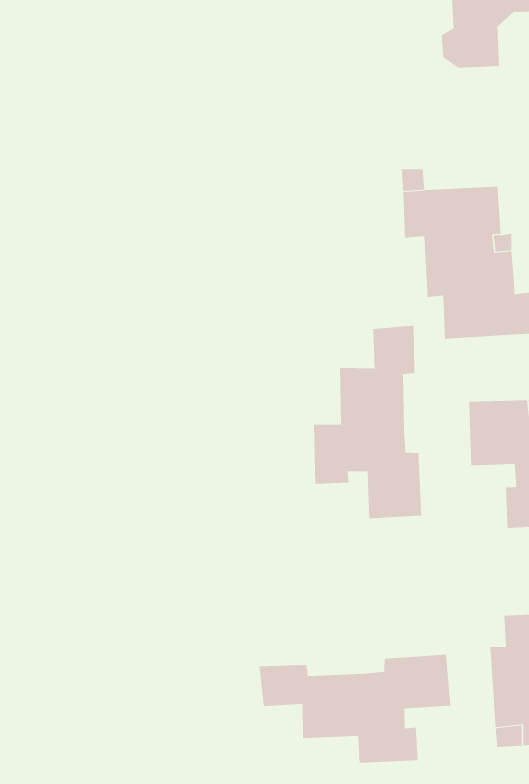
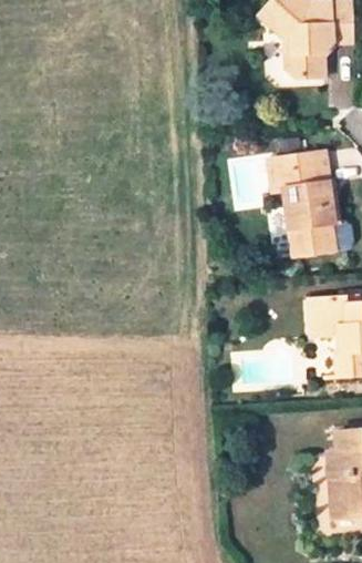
building: [313,325,422,519] -> none
building: [259,654,451,764] -> none

